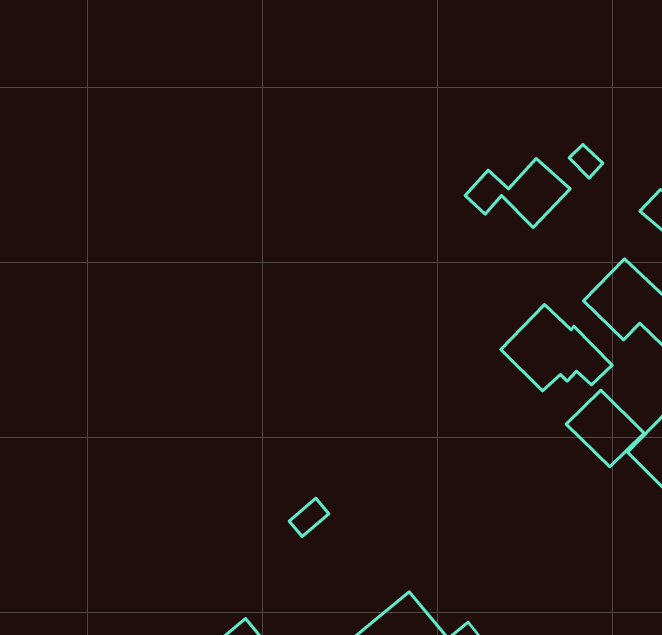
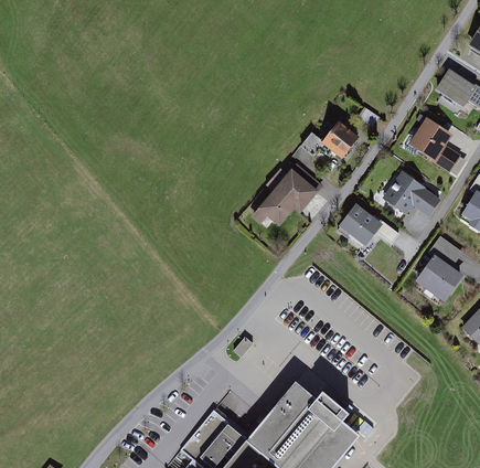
building: none -> [250,166,324,225]
building: [566,390,644,467] -> none

